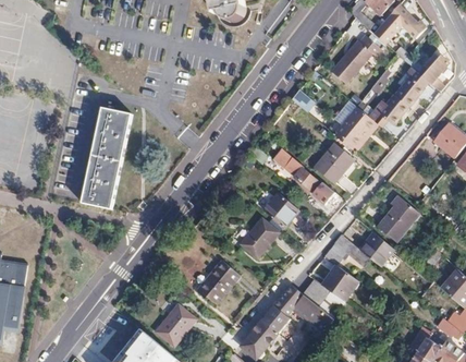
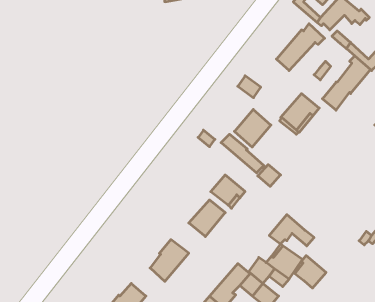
building: [82,108,131,208] -> none
building: [315,144,353,183] -> [234,109,271,147]
building: [378,196,418,242] -> none
building: [360,232,393,266] -> [295,256,326,288]

